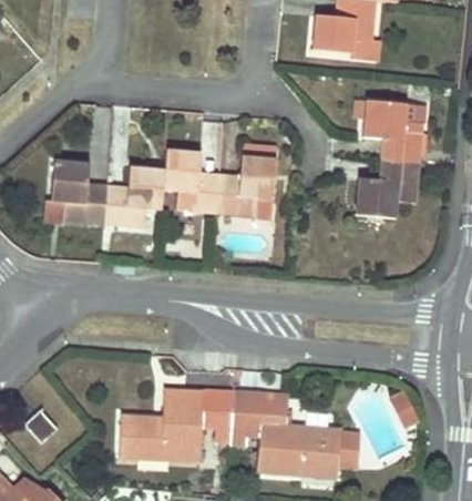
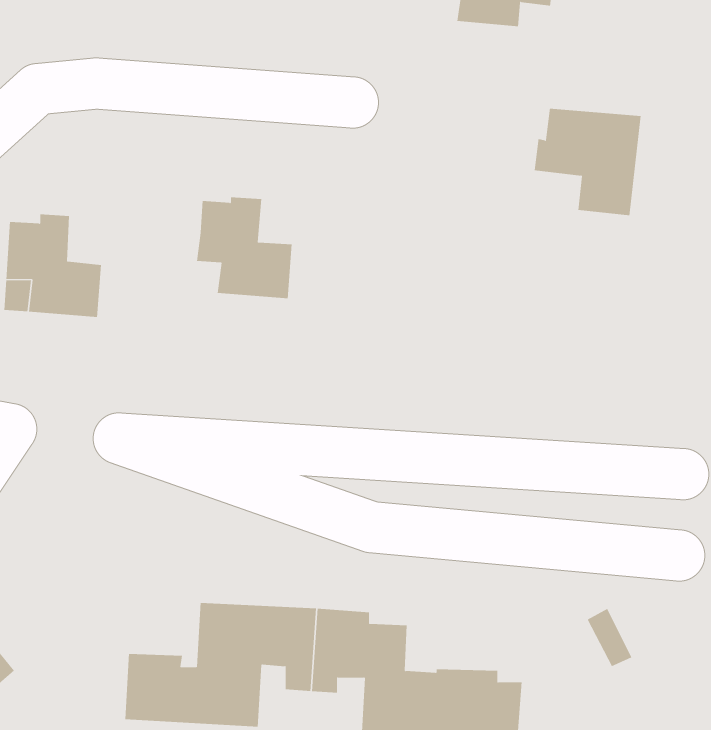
building: [217,154,275,216] -> none
building: [356,160,418,217] -> none
building: [105,166,165,226] -> none

